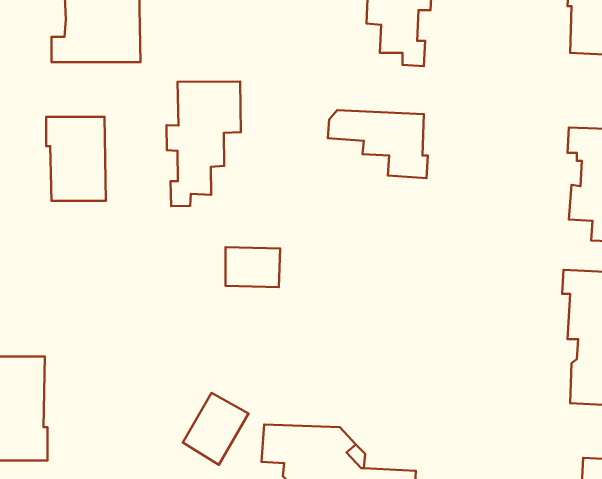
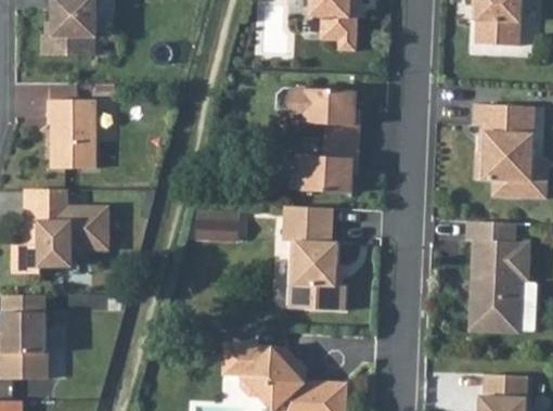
building: [166,82,241,206] -> none
building: none -> [301,144,357,196]
building: none -> [14,187,107,270]
building: none -> [283,209,346,314]
building: [183,393,248,465] -> none

